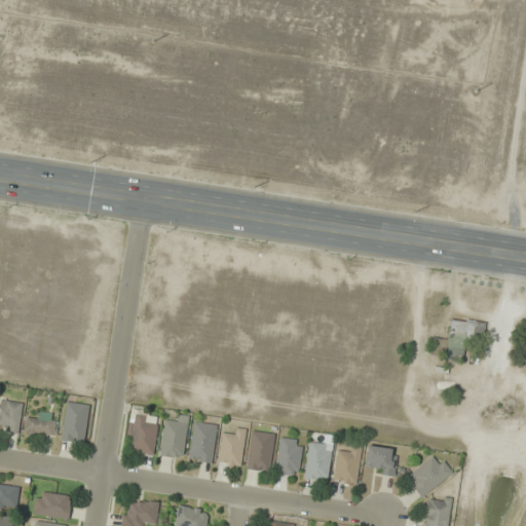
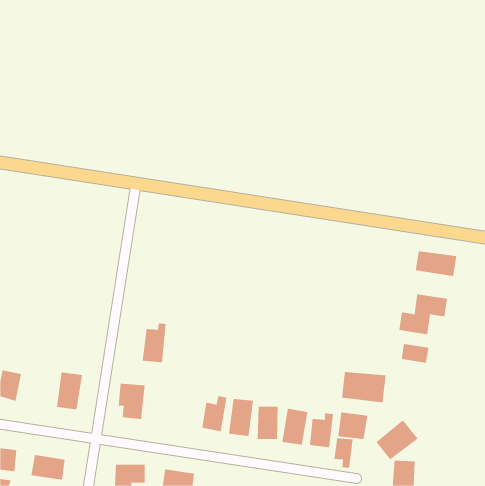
building: none -> [415,250,457,277]
building: none -> [401,343,429,363]
building: none -> [342,371,386,403]
building: [24,412,55,437] -> none
building: [160,415,187,458] -> [142,323,167,363]
building: [189,422,216,462] -> none
building: none -> [334,437,353,468]

